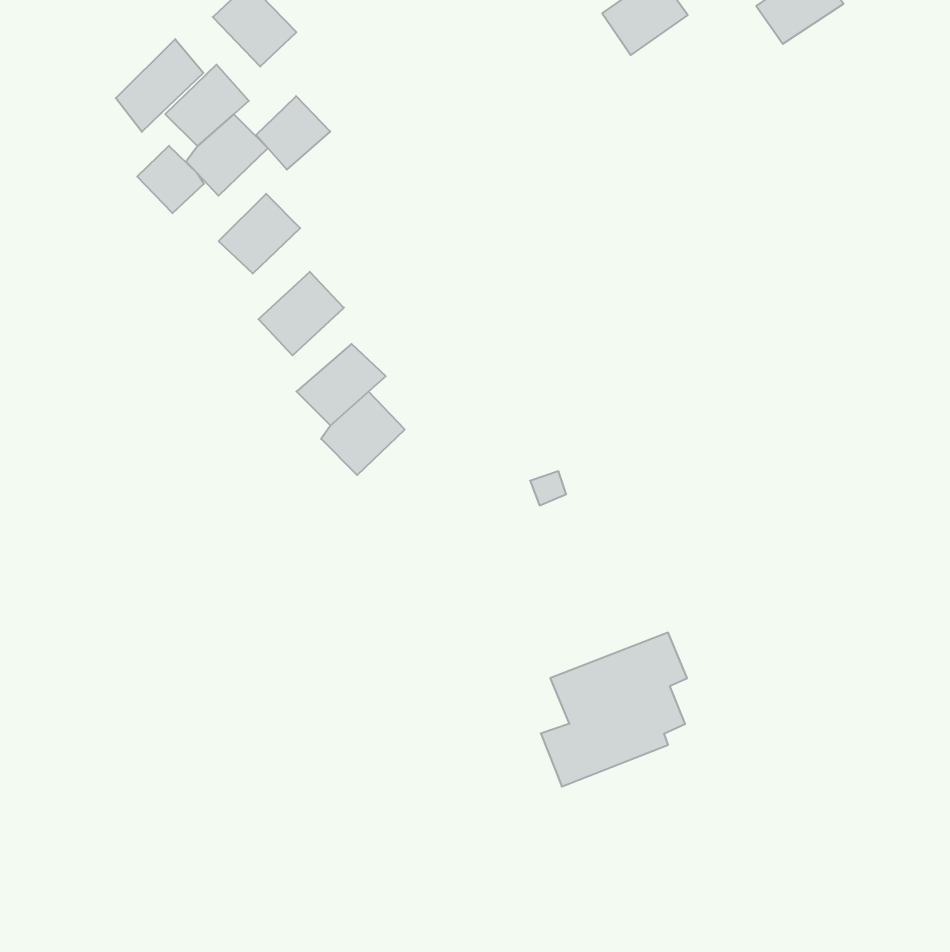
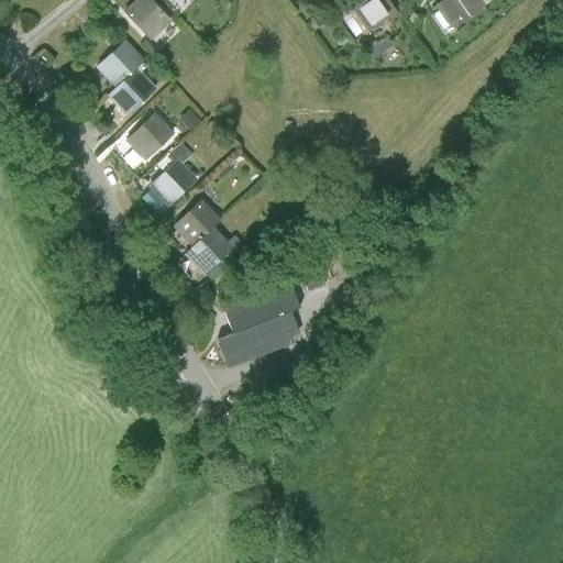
building: [116,39,203,132] -> none
building: [256,96,330,170] -> none
building: [137,146,204,213] -> none
building: [541,633,687,787] -> [218,285,302,374]

